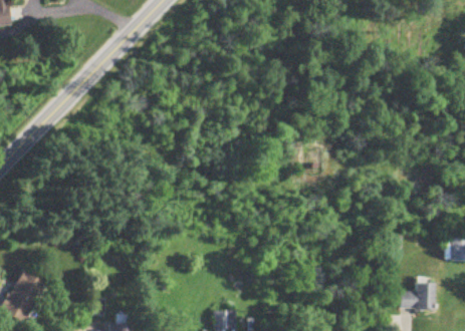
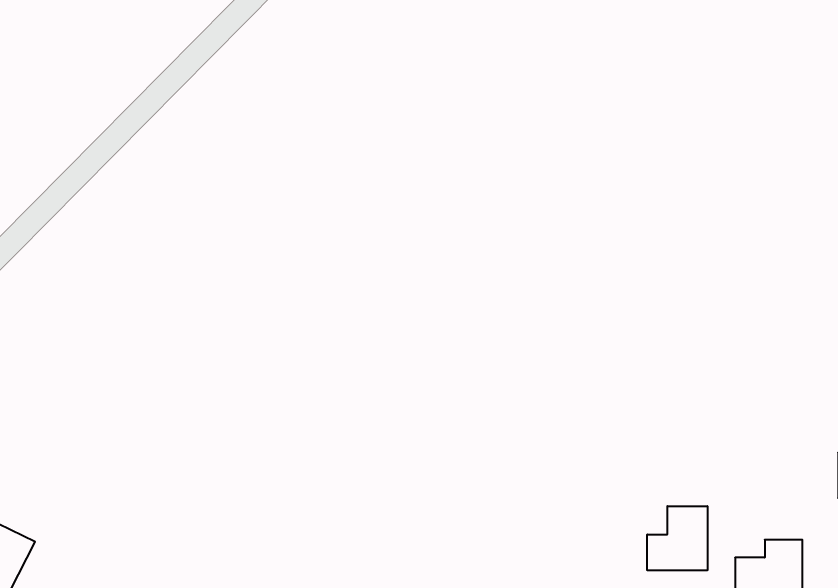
building: none -> [647,506,707,570]

